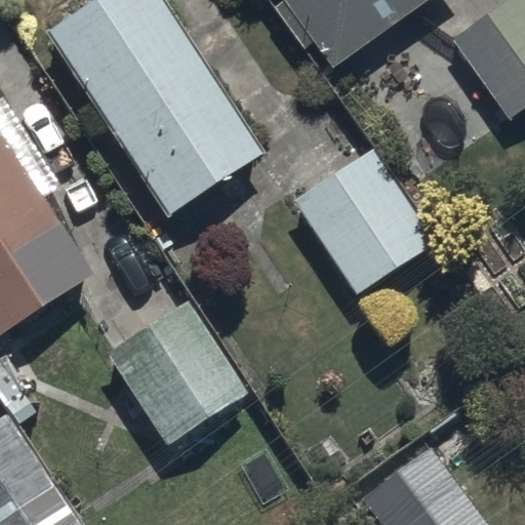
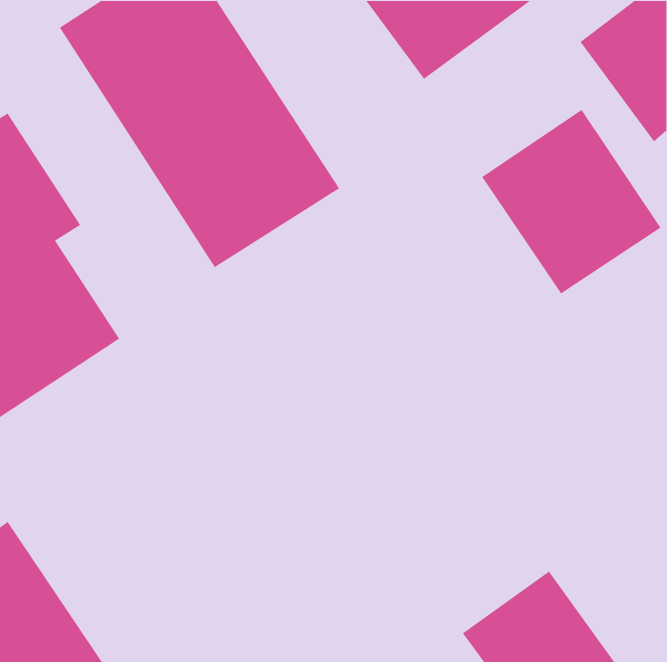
building: [292,148,434,293] -> [481,109,662,295]
building: [106,299,247,445] -> none

